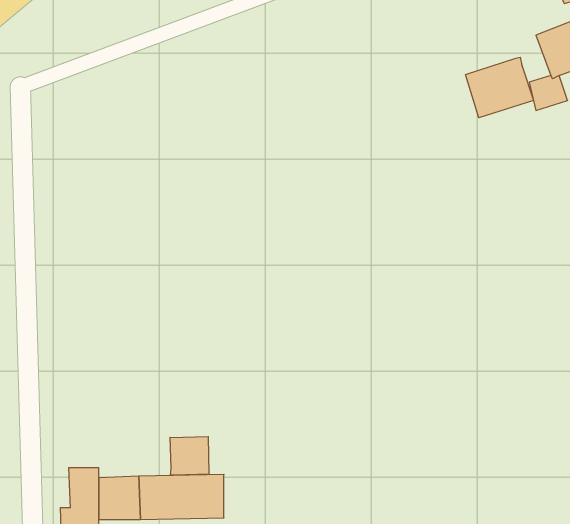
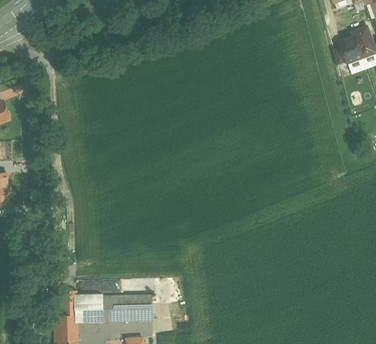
building: [466,57,534,118] -> none
building: [170,437,209,475] -> none

